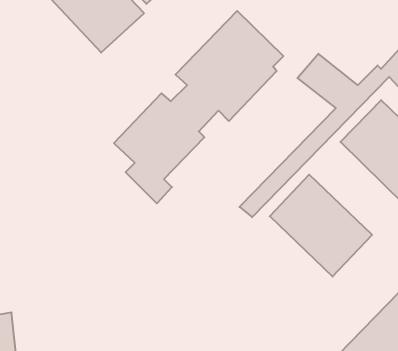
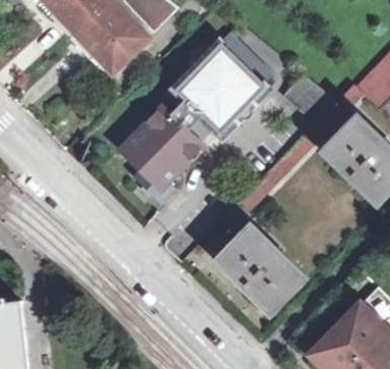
building: [270,175,372,277] -> [215,226,304,316]

